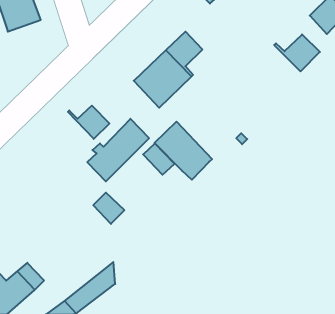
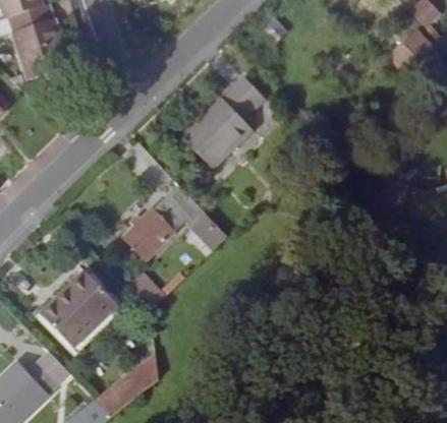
building: [274,34,320,71] -> none
building: [68,106,109,139] -> none
building: [154,122,212,180] -> none
building: none -> [45,269,120,346]

